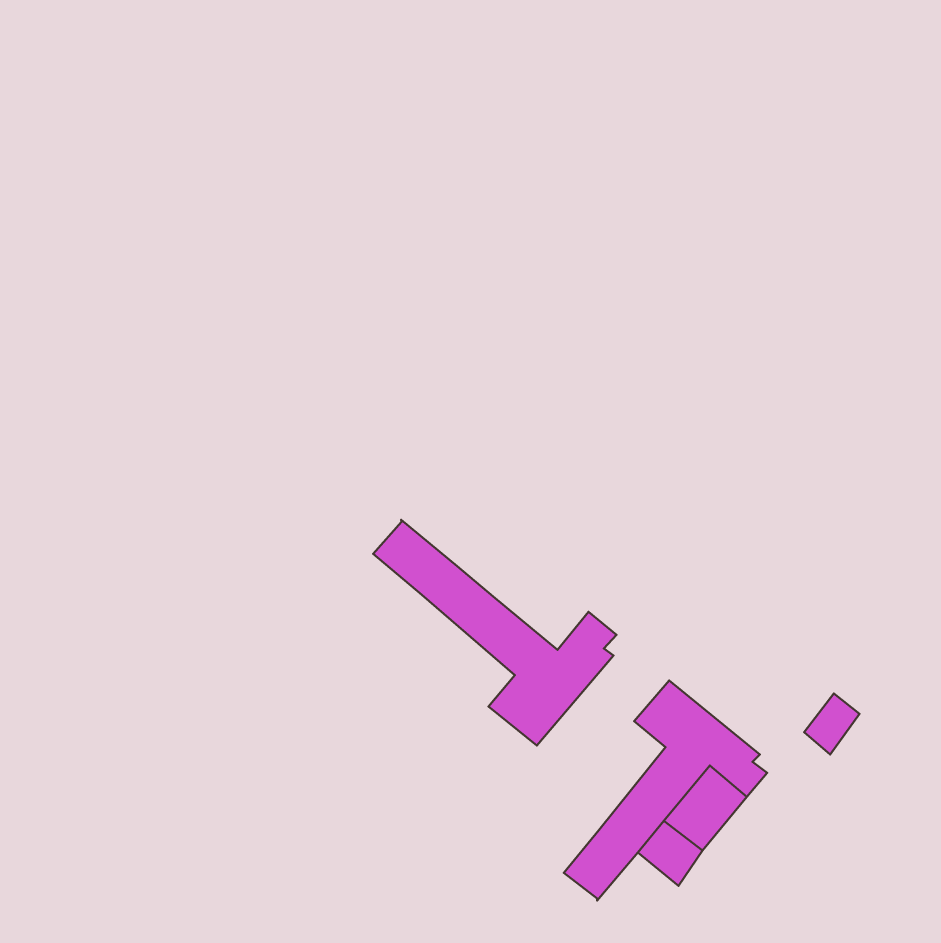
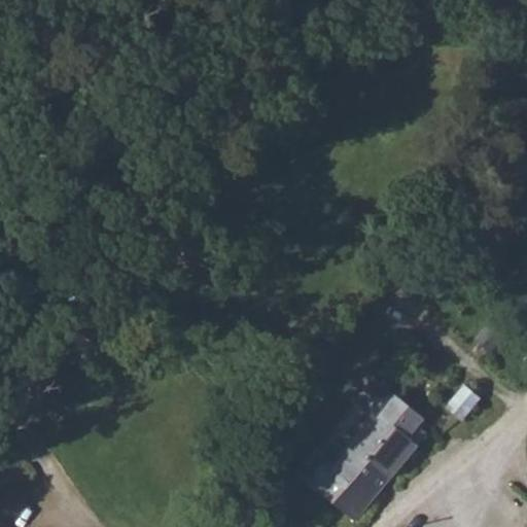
building: [373,520,616,746] -> none
building: none -> [335,476,380,521]

